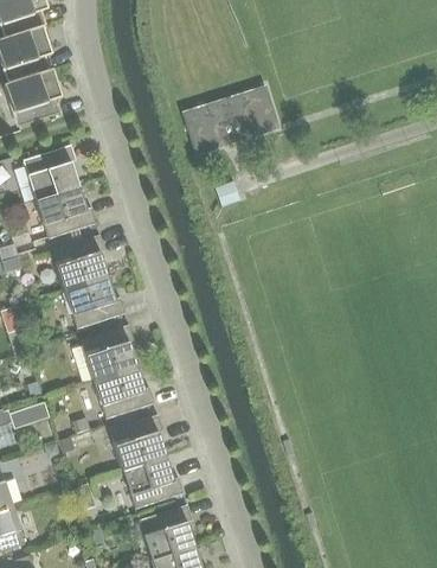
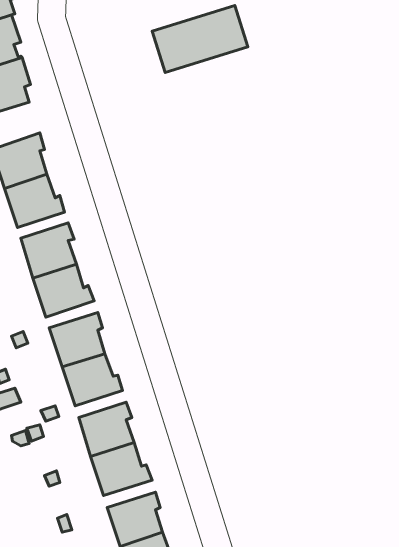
building: [182,85,278,153] -> [152,5,248,73]

